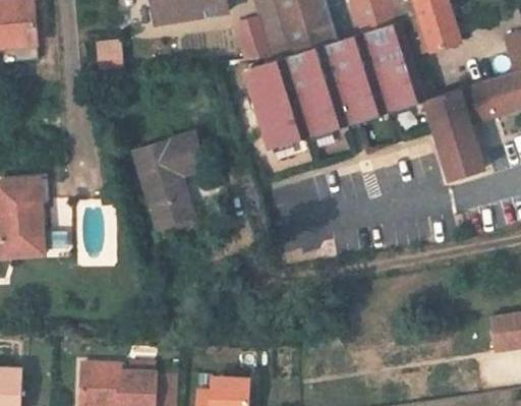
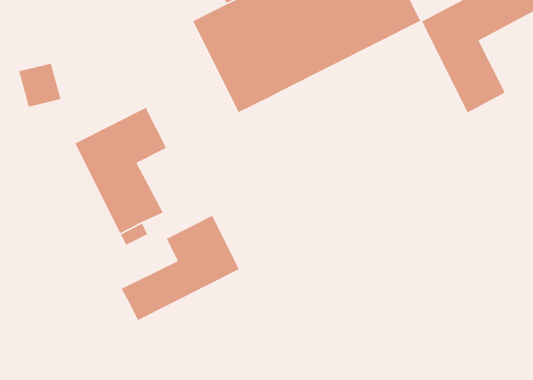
building: [95,38,125,70] -> [18,63,61,108]
building: none -> [120,215,240,321]

